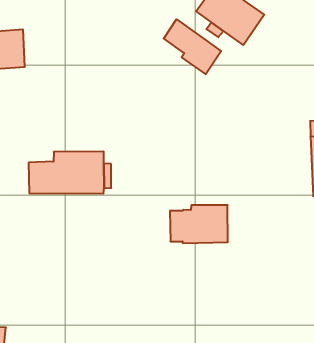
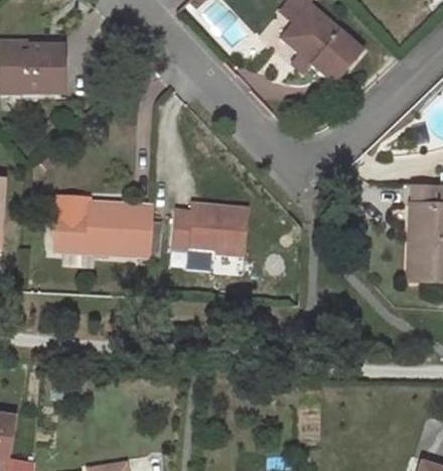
building: [164,19,221,74] -> none
building: [170,205,228,243] -> [171,204,246,253]

